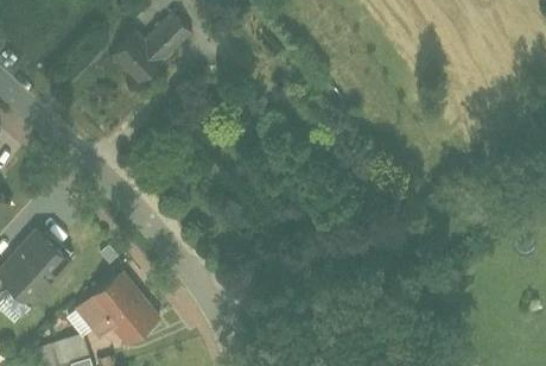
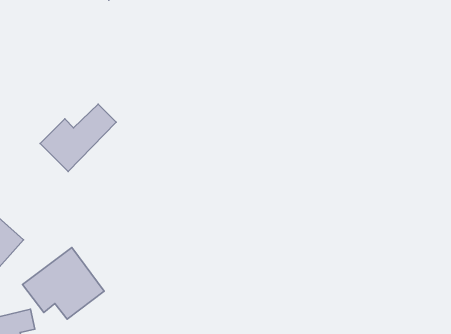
building: [108,15,189,87] -> [40,104,116,171]

